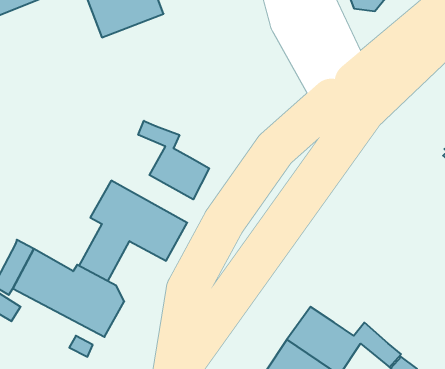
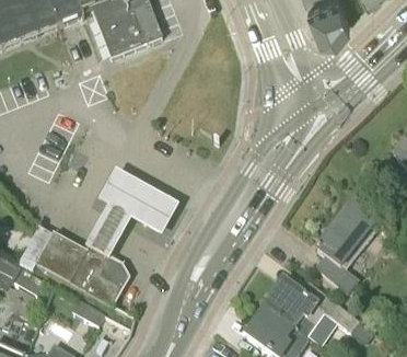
building: [138,121,209,199] -> none
building: none -> [317,205,377,293]

